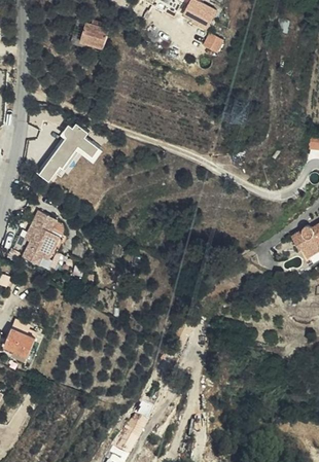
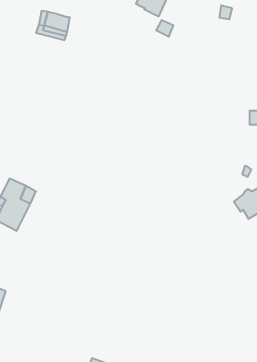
building: [39,122,103,179] -> none

